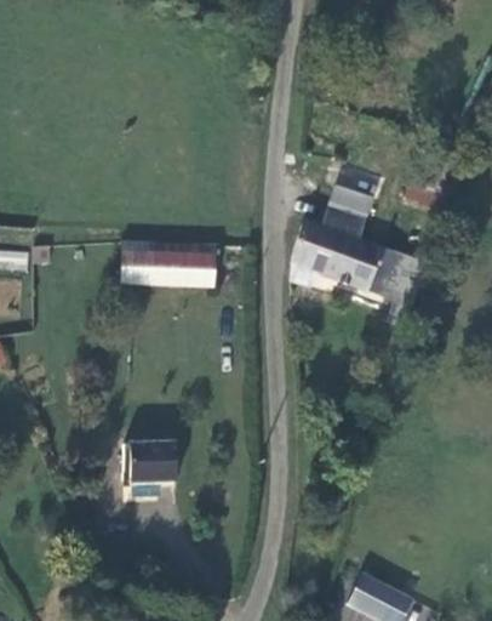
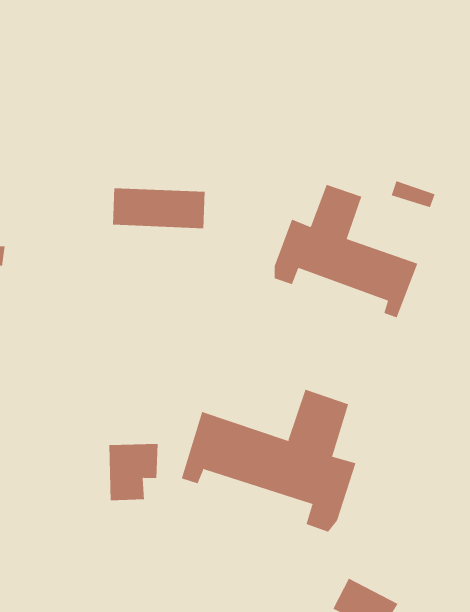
building: [125,241,216,281] -> [112,188,206,229]
building: none -> [181,389,356,533]

